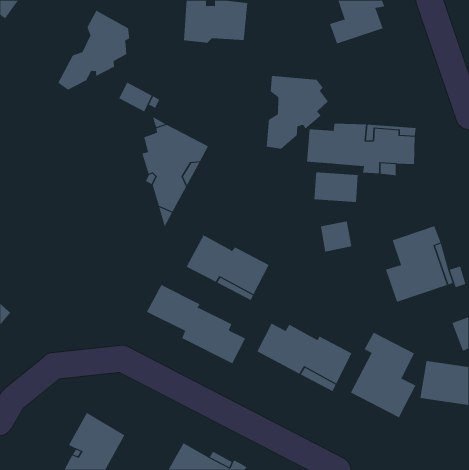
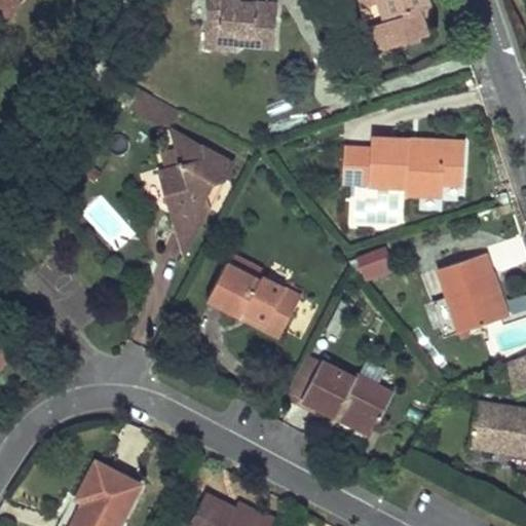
building: [57,10,130,90] -> none
building: [266,75,328,150] -> none
building: [146,284,246,364] -> none
building: [350,332,416,418] -> none

